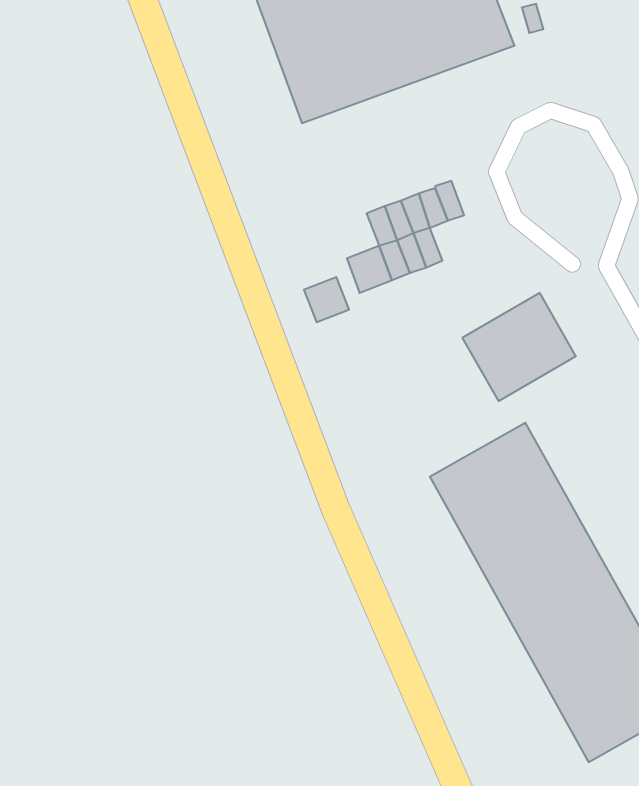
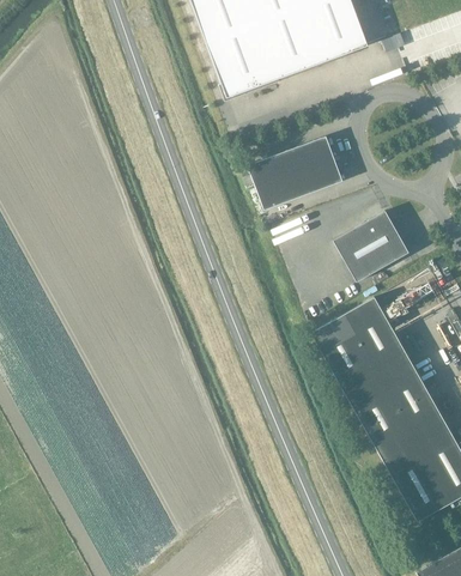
building: none -> [313,159,344,189]
building: [304,277,349,322] -> [249,158,279,188]

